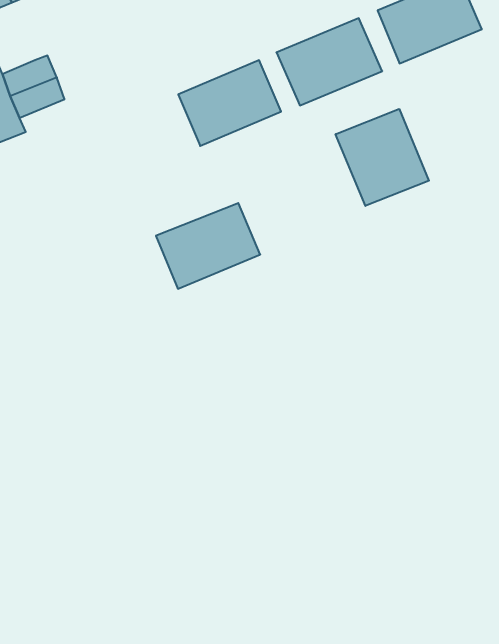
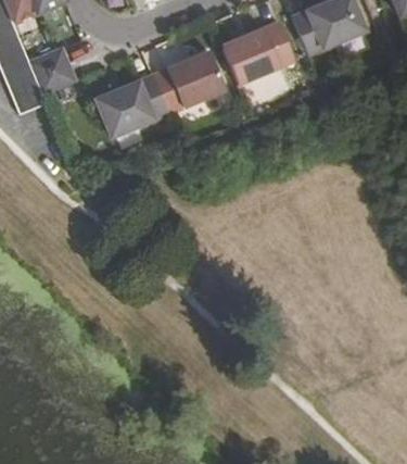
building: [336,109,429,206] -> none
building: [156,203,260,289] -> [96,76,168,136]

